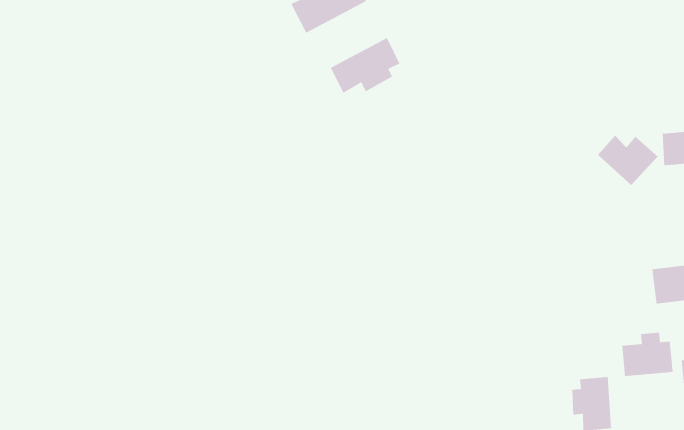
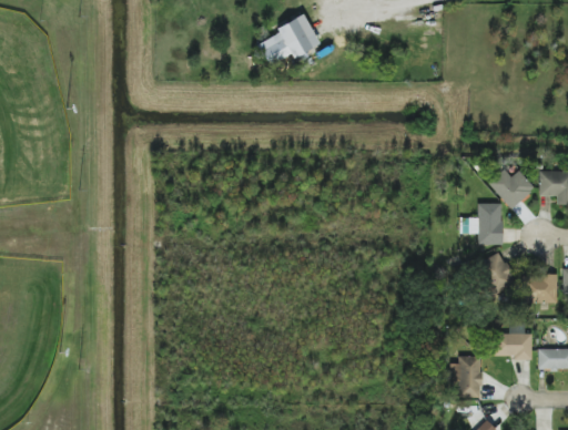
building: [330,37,400,94] -> none
building: none -> [464,203,503,244]
building: none -> [476,252,515,295]

